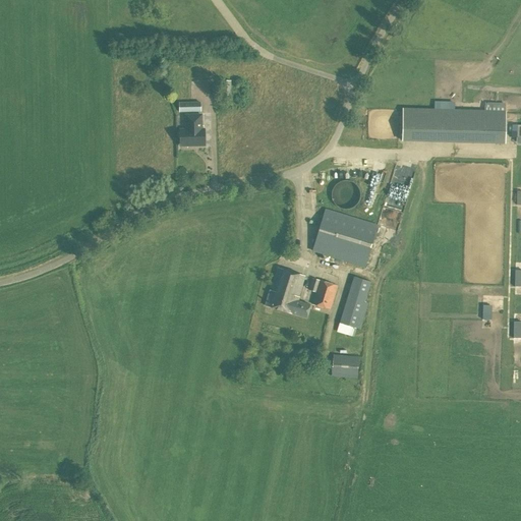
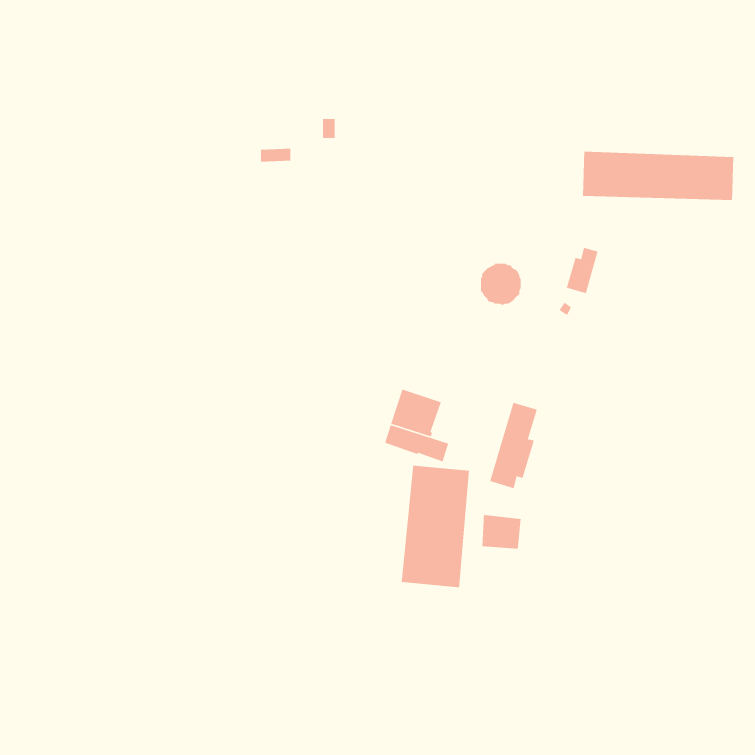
building: [179,116,204,147] -> none
building: [312,210,378,267] -> none
building: [308,278,337,309] -> none
building: none -> [401,465,470,588]

